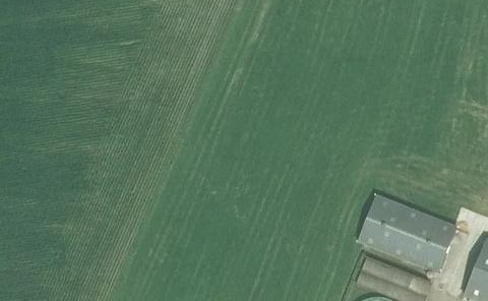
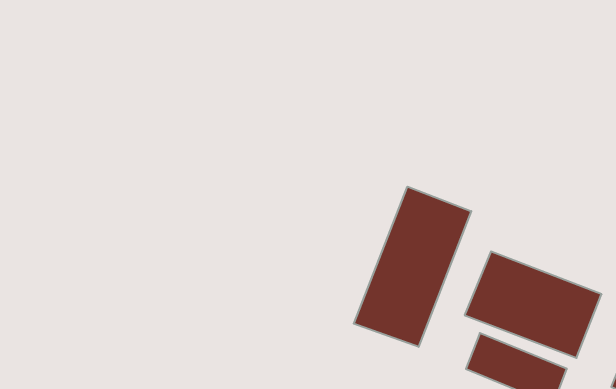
building: none -> [354,187,471,347]

